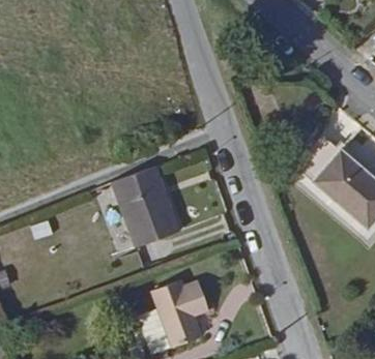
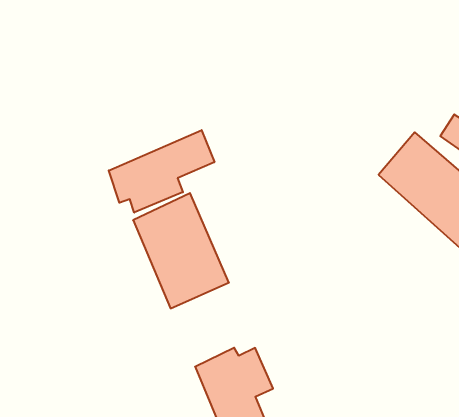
building: none -> [109,130,214,213]

